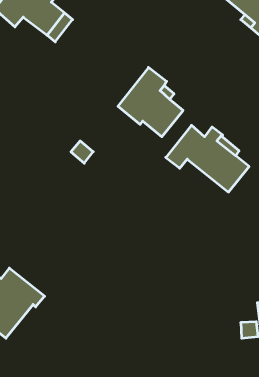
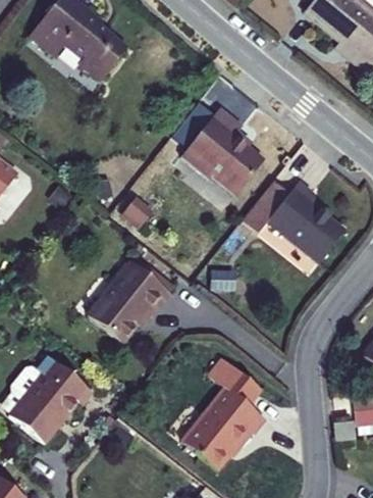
building: none -> [87,261,169,343]
building: none -> [182,356,265,468]

